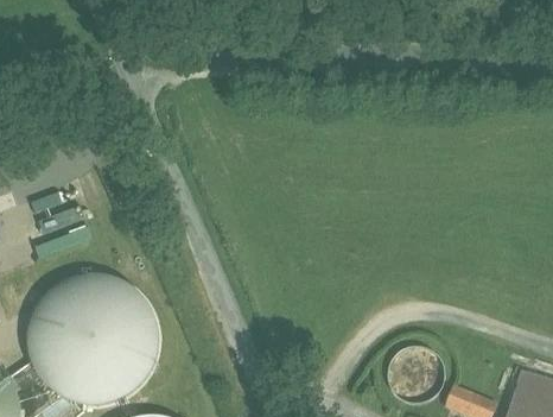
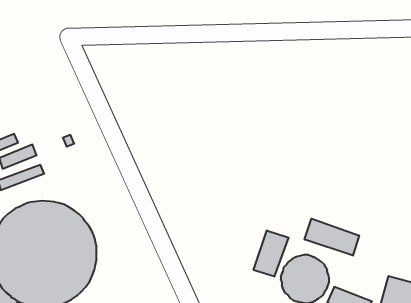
building: none -> [305,219,359,256]
building: none -> [254,230,289,277]

